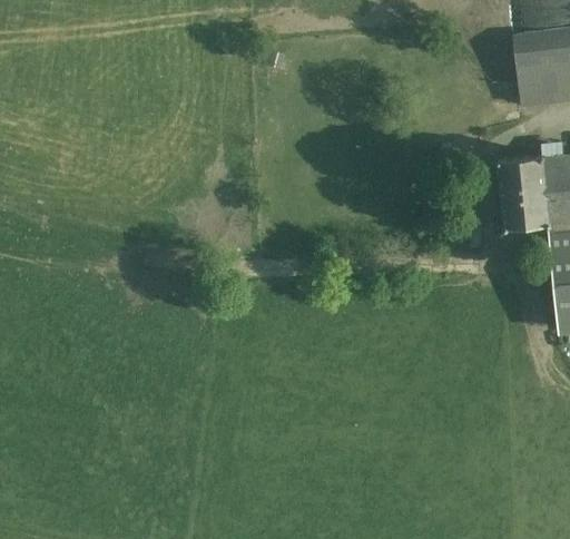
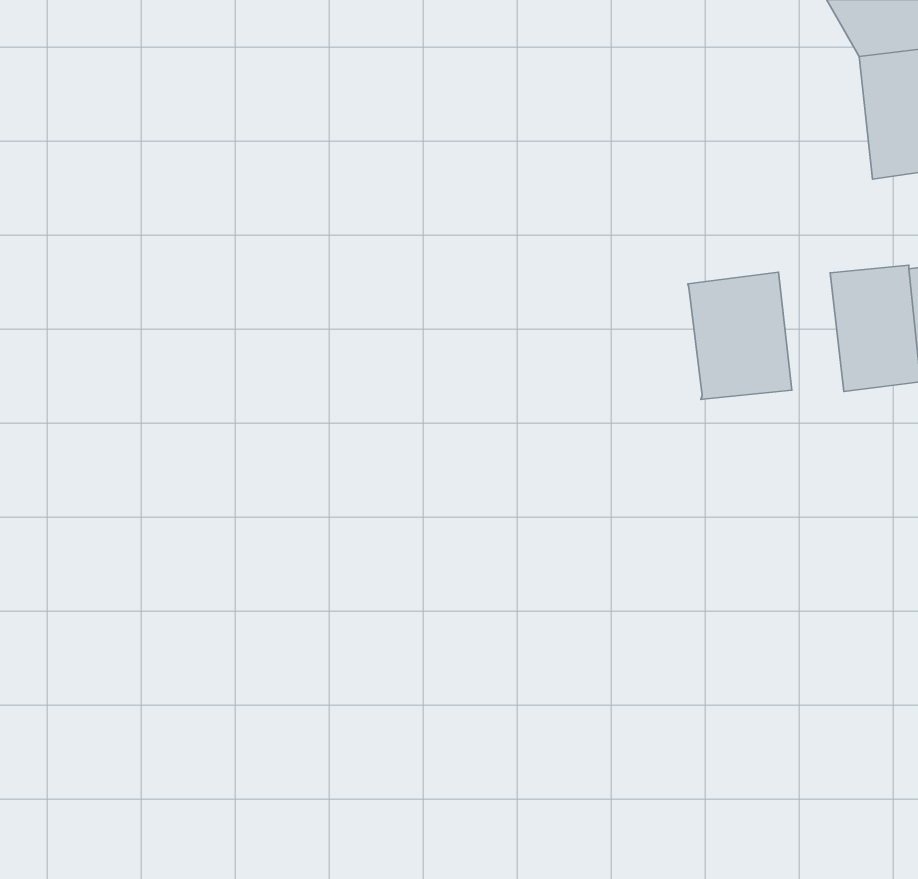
building: none -> [688,272,792,400]

